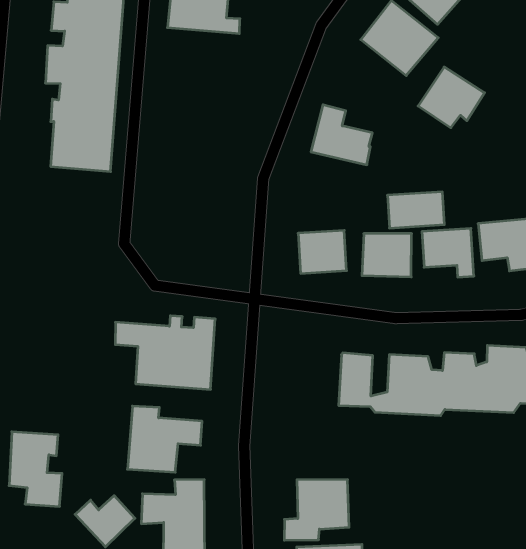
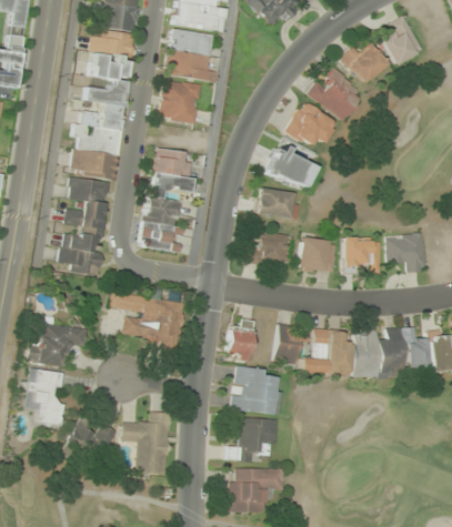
building: none -> [158,80,202,124]
building: [418,67,485,128] -> [285,102,335,148]
building: none -> [142,148,193,252]
building: none -> [60,178,110,276]
building: [387,192,444,228] -> [258,192,299,216]
building: none -> [227,325,252,361]
building: [127,406,202,472] -> [30,315,88,366]
building: none -> [231,367,281,415]

